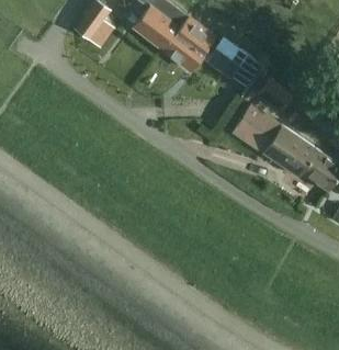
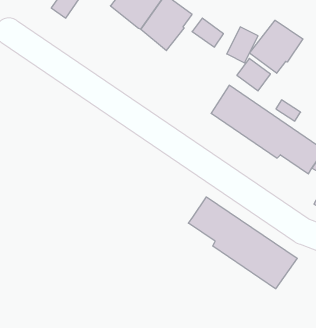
building: none -> [249,20,303,73]
building: none -> [188,197,297,289]

